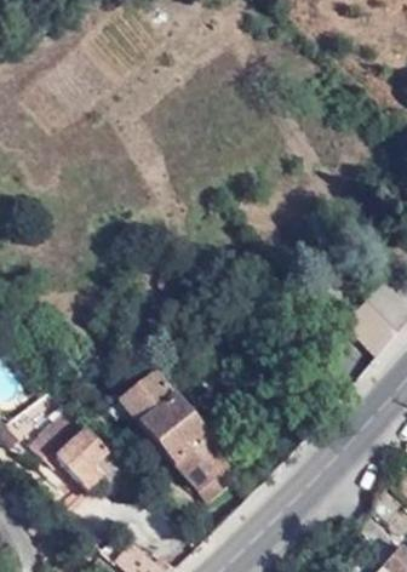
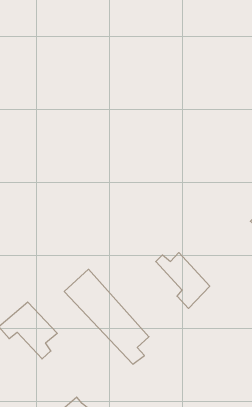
building: none -> [156,253,210,308]

